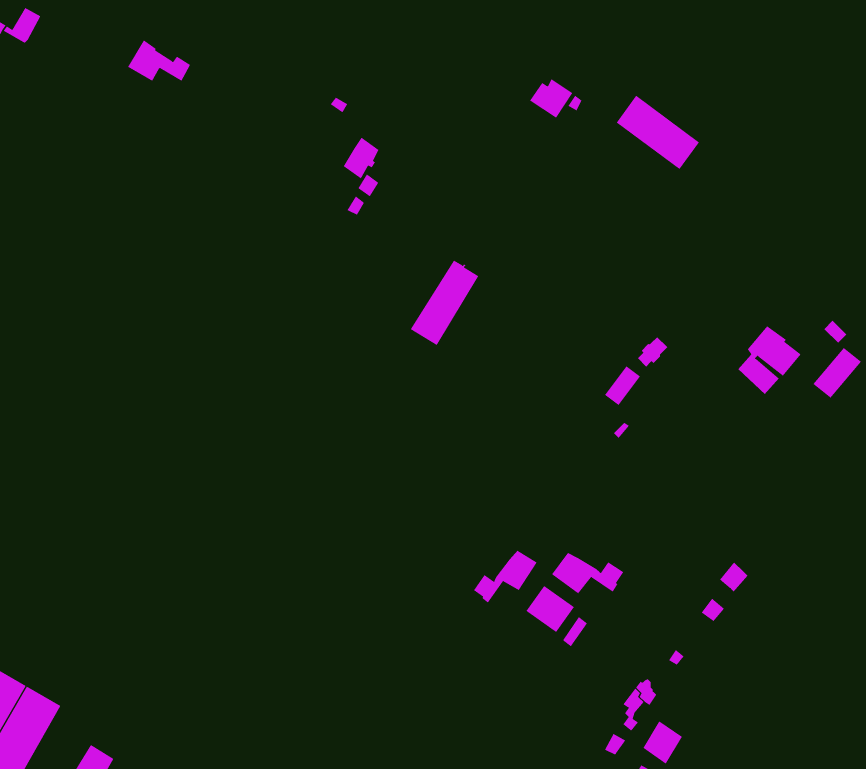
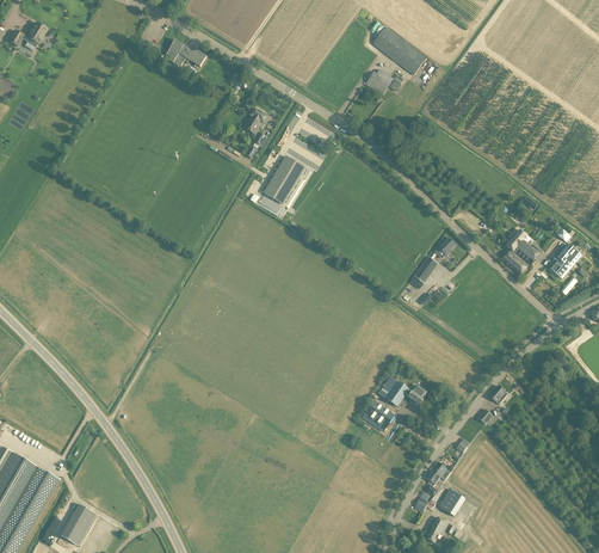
building: [127,39,191,81] -> [163,39,205,67]
building: [616,95,700,170] -> [371,26,426,75]
building: [410,260,479,346] -> [258,156,303,213]
building: [473,550,537,604] -> none

